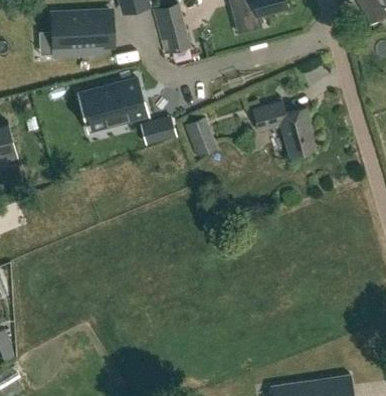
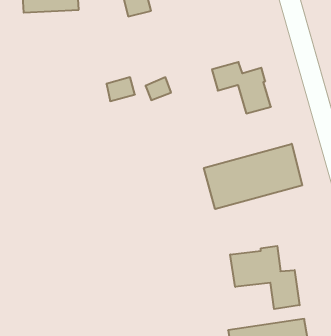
building: [78,79,147,128] -> none
building: none -> [204,144,302,209]
building: none -> [230,246,300,309]

